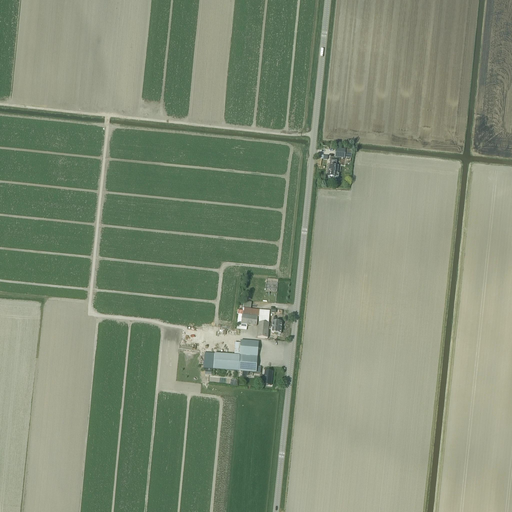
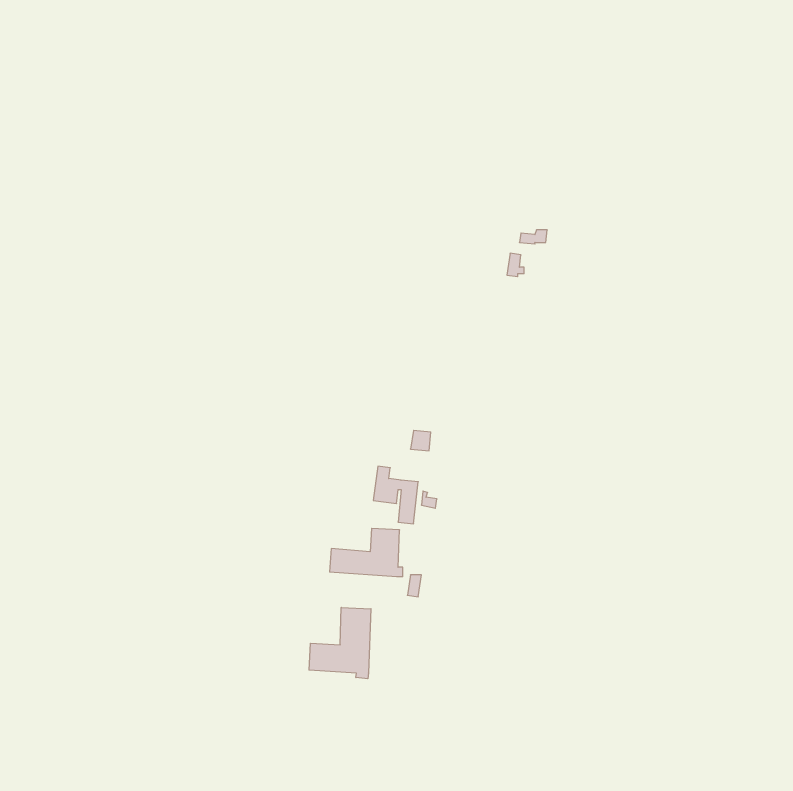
building: none -> [309,607,371,679]

